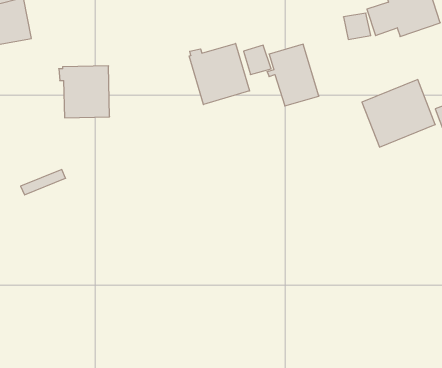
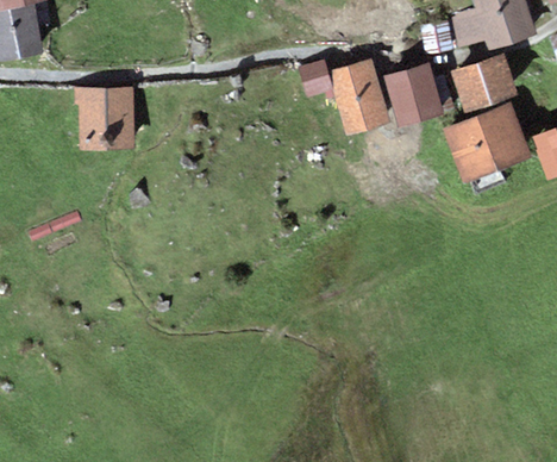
building: none -> [451,52,519,113]
building: [189,43,250,105] -> none
building: none -> [383,61,455,126]

